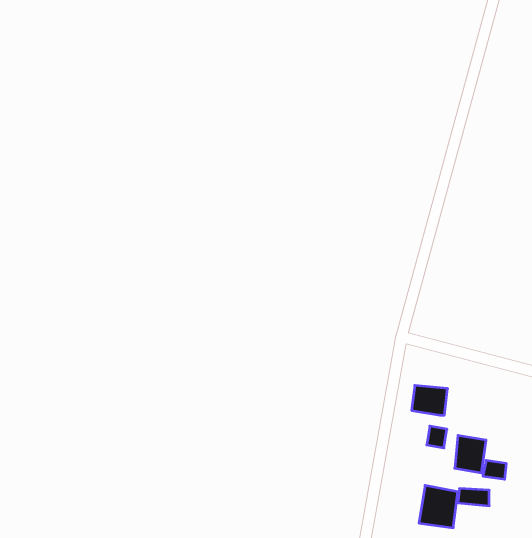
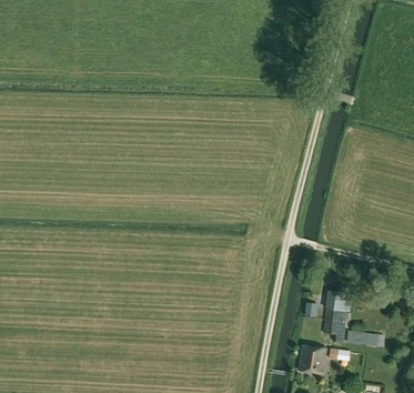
building: [412,385,448,415] -> [326,292,352,313]

